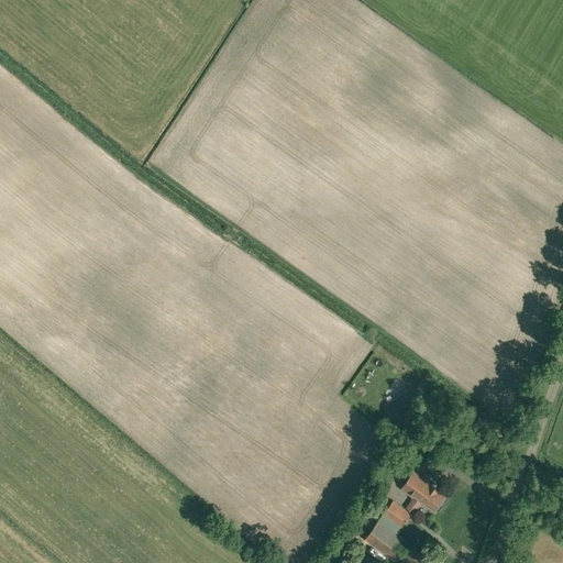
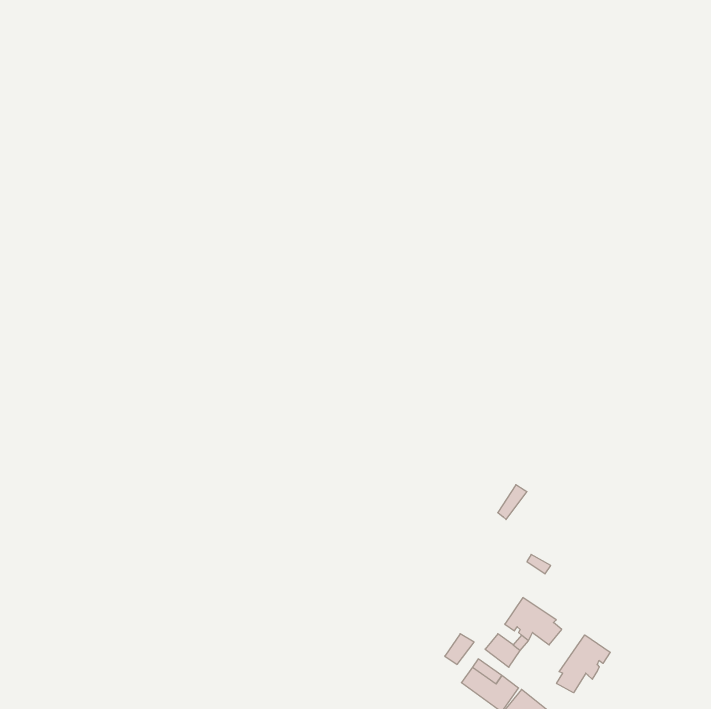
building: none -> [557,635,610,693]

